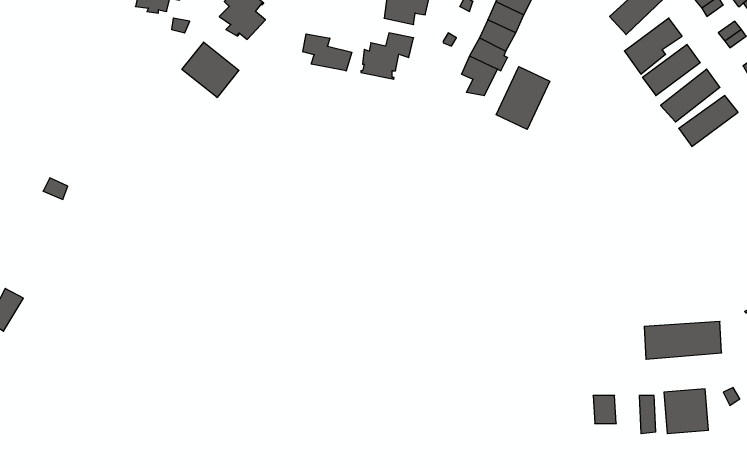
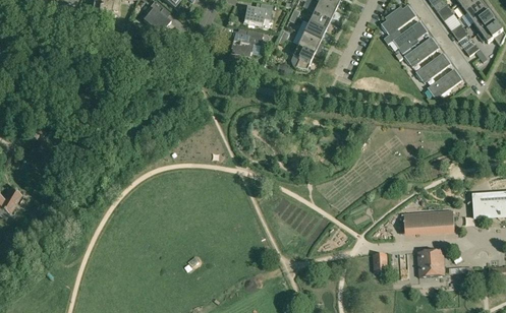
building: [303,34,352,71] -> none
building: [182,42,239,98] -> none
building: [496,67,550,129] -> none

